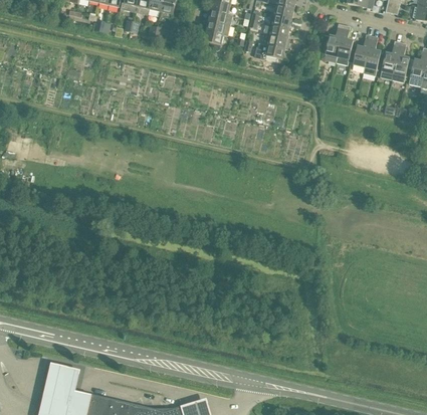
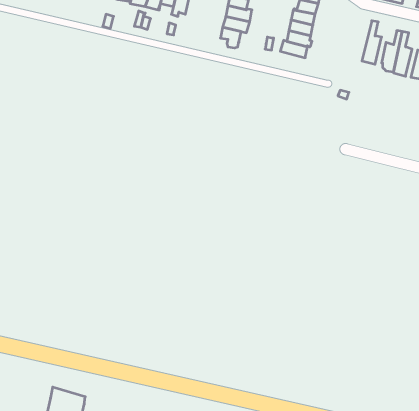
building: [321,21,344,60] -> none

